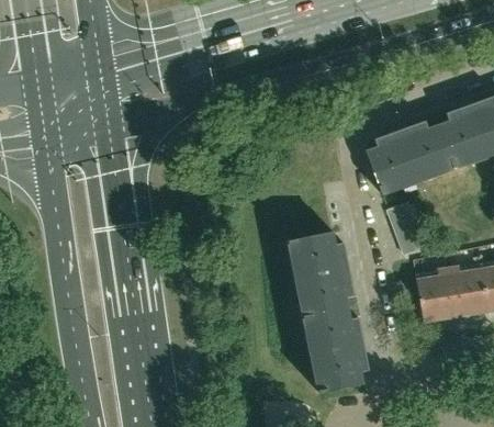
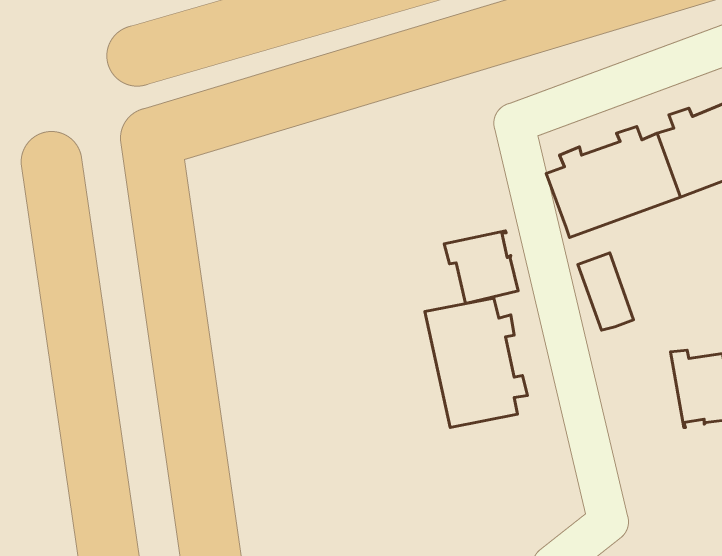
building: none -> [444,231,518,304]
building: [416,267,456,321] -> none
building: [303,307,368,392] -> none

